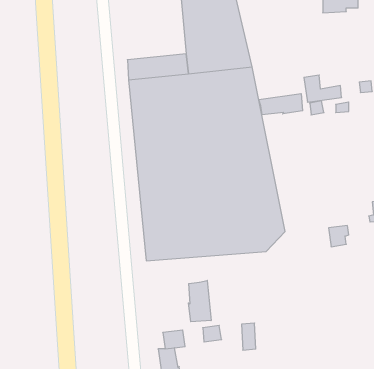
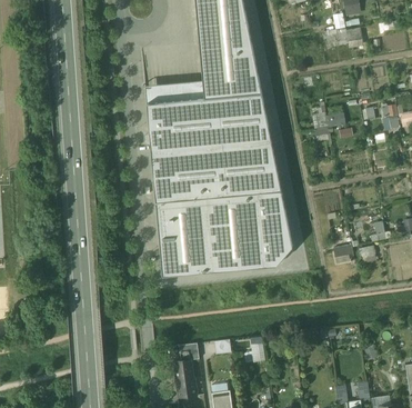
building: [259,94,303,115] -> none
building: [188,280,211,322] -> none

